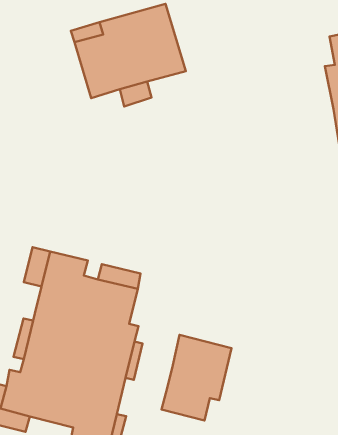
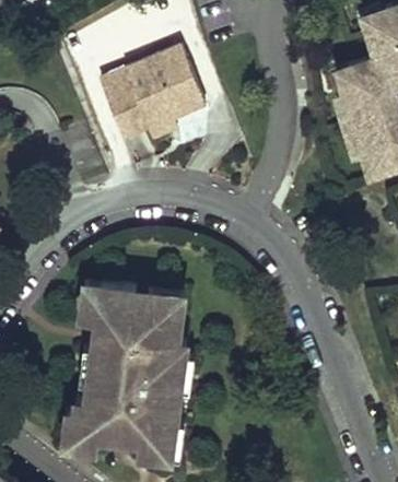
building: [161,335,231,421] -> none

